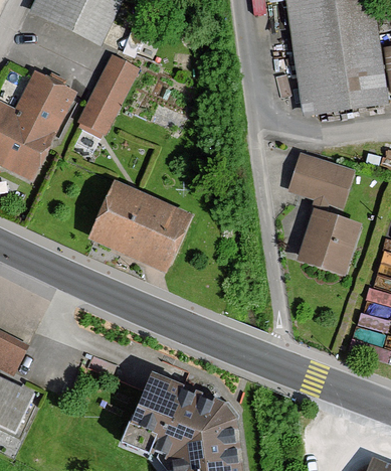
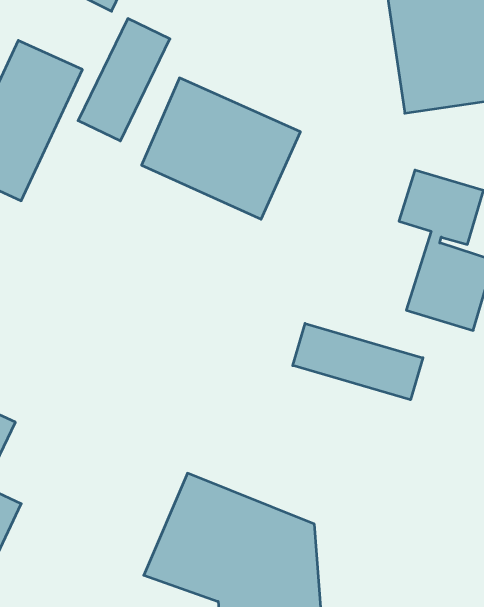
building: [88,175,198,273] -> [142,78,300,219]
building: none -> [293,323,423,400]

